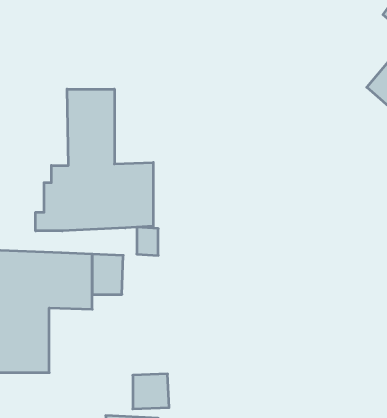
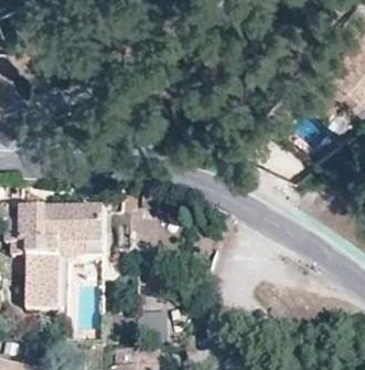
building: [36,89,153,231] -> none

